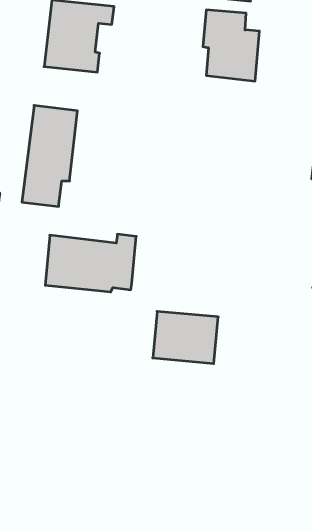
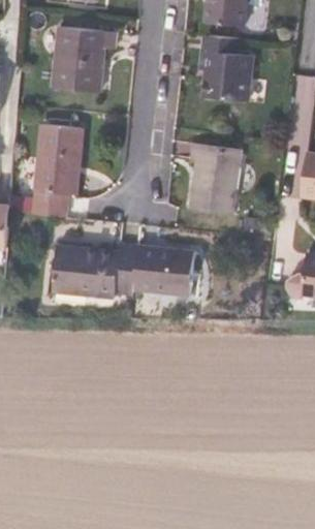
building: none -> [188,145,240,215]
building: [153,311,218,364] -> [132,247,193,295]

